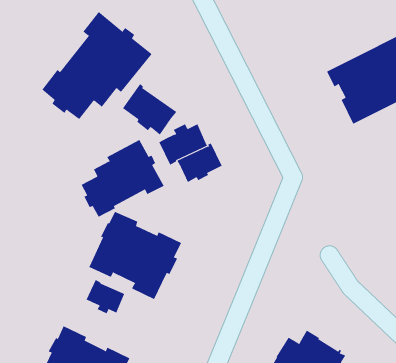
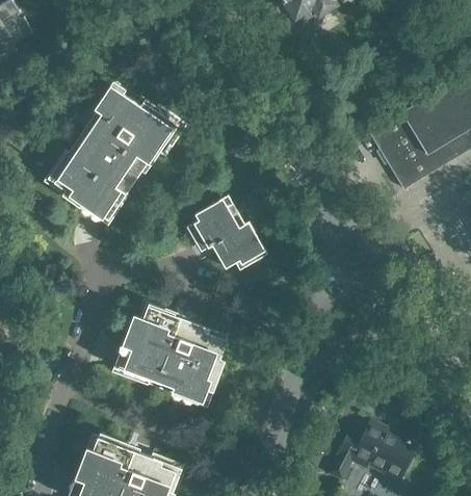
building: [122,83,177,135] -> none
building: [81,139,164,218] -> none
building: [86,279,125,314] -> none

